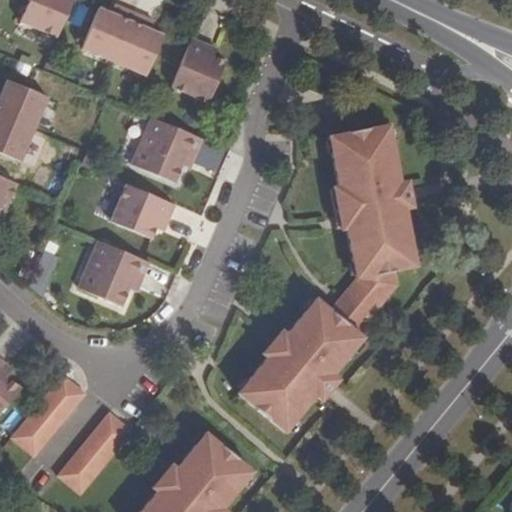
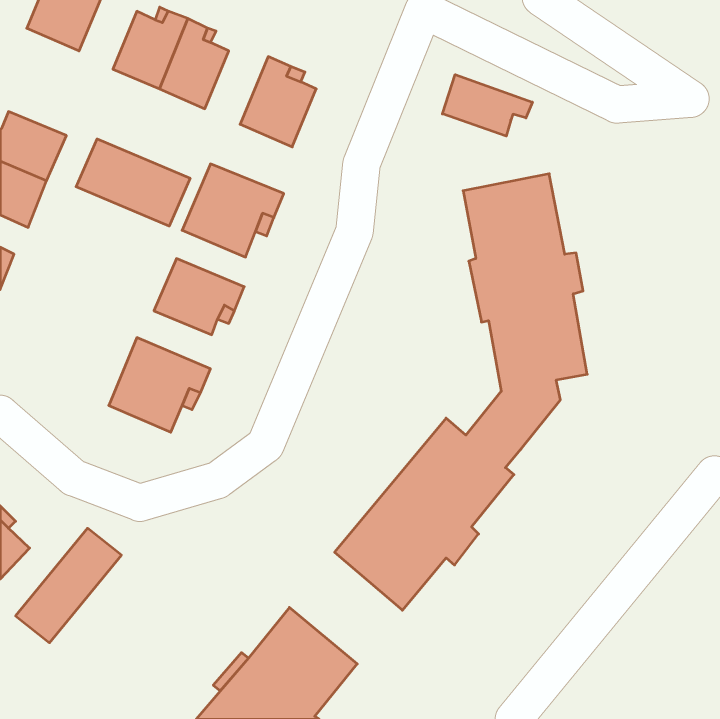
building: none -> [442,75,532,136]
building: none -> [76,139,190,226]
building: [59,412,133,493] -> none

